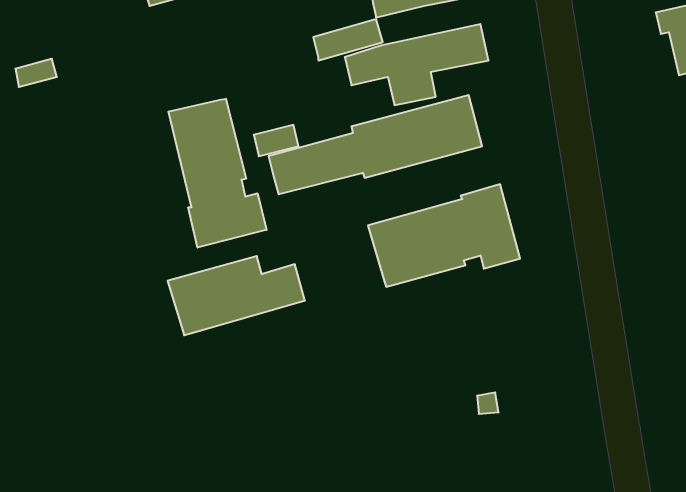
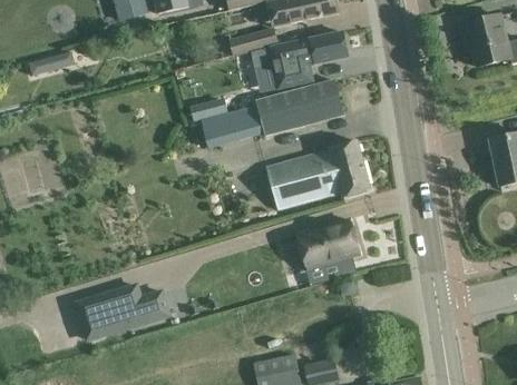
building: [168,99,267,248] -> none
building: [168,256,305,335] -> [76,286,168,339]
building: none -> [296,220,360,269]

